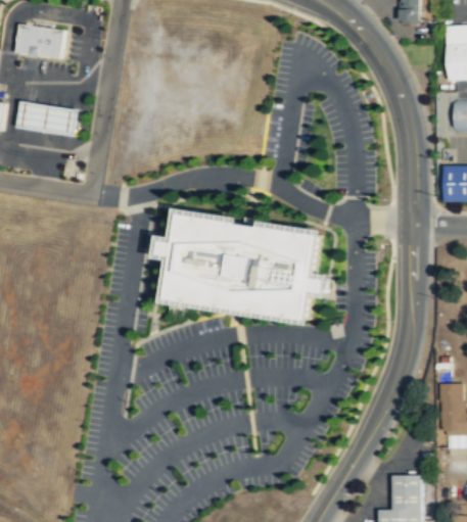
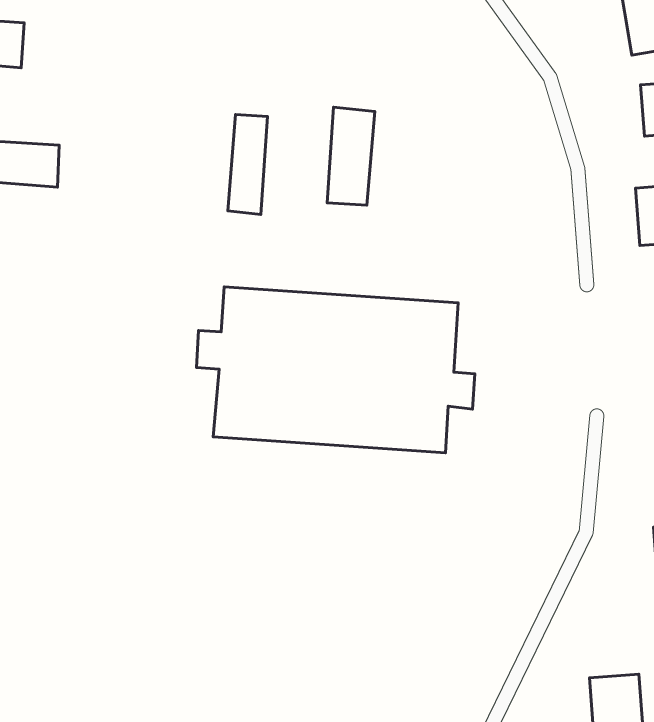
building: none -> [228,114,268,215]
building: none -> [327,107,375,205]

